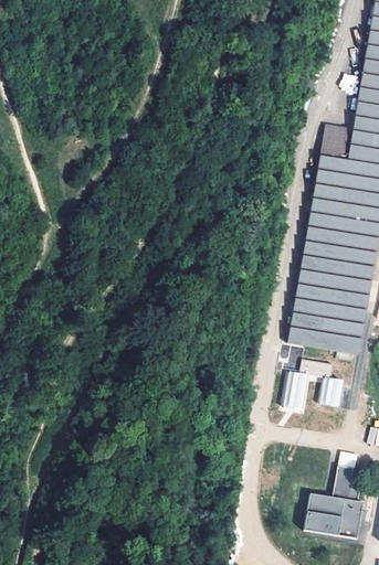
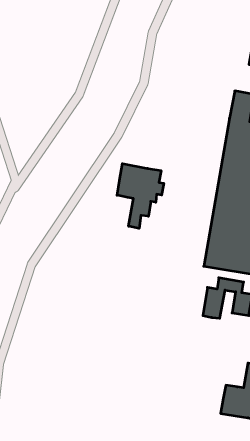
building: none -> [117,164,164,228]

